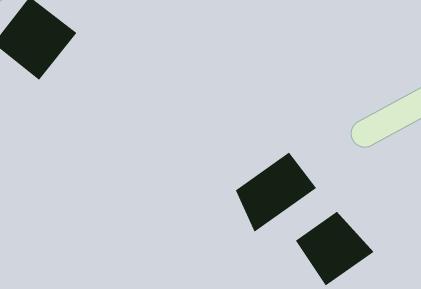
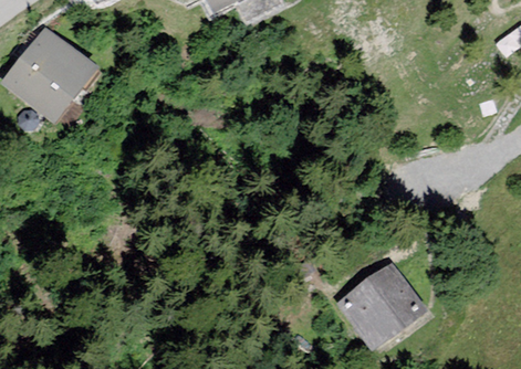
building: [235,152,317,233] -> none

